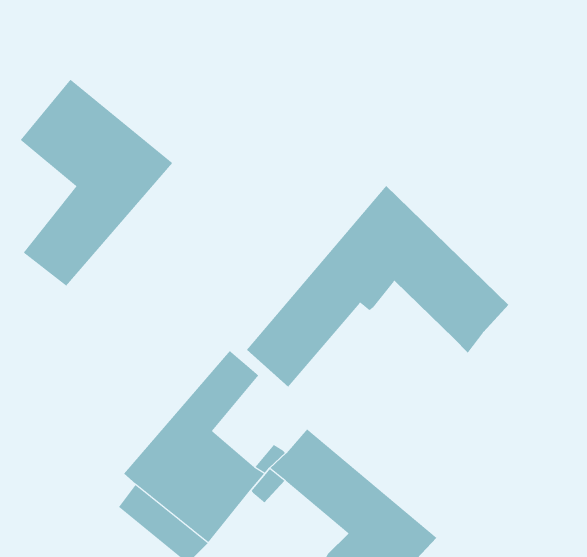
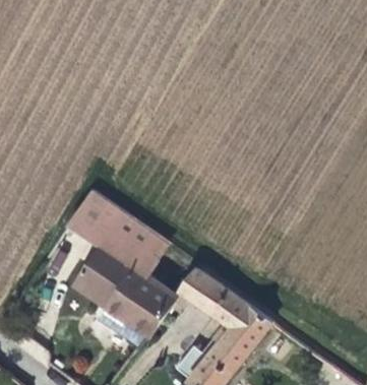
building: [20,79,173,287] -> [67,190,151,303]
building: [246,185,509,387] -> none

